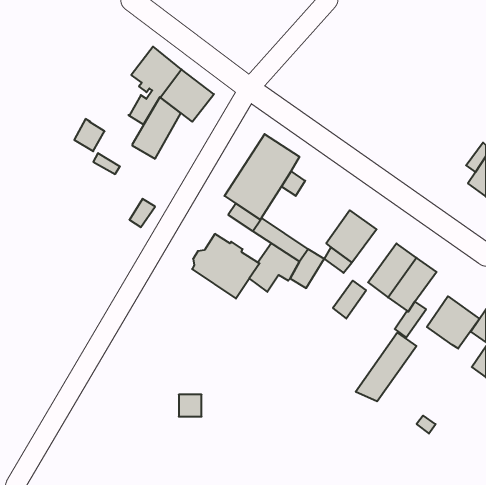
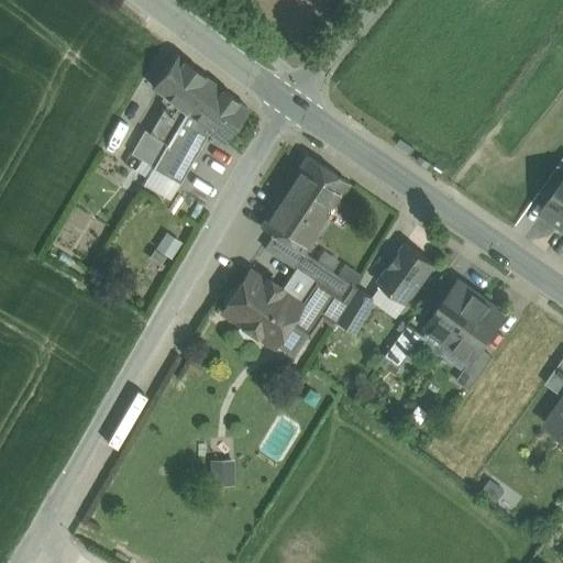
building: [74,119,105,151] -> [131,131,166,168]
building: [427,296,479,349] -> none
building: [356,333,416,401] -> none

